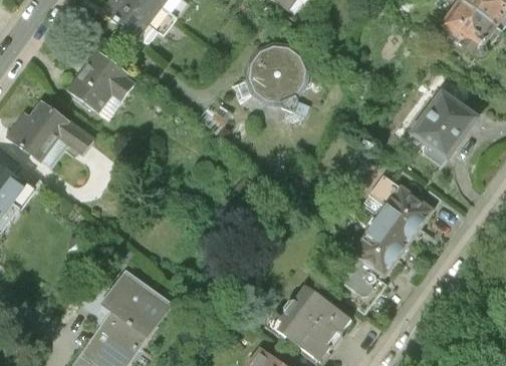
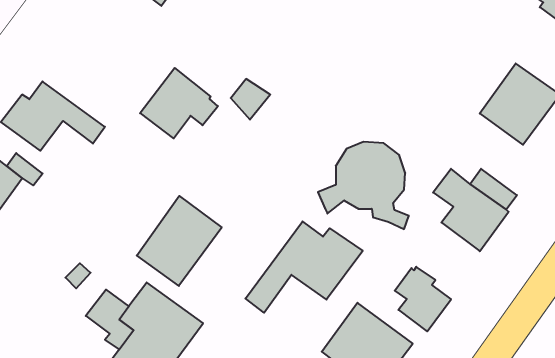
building: [232,43,308,116] -> [318,142,409,229]
building: [70,51,136,110] -> [140,68,218,138]
building: none -> [137,196,222,286]
building: none -> [245,221,363,313]
building: [350,221,408,278] -> none

